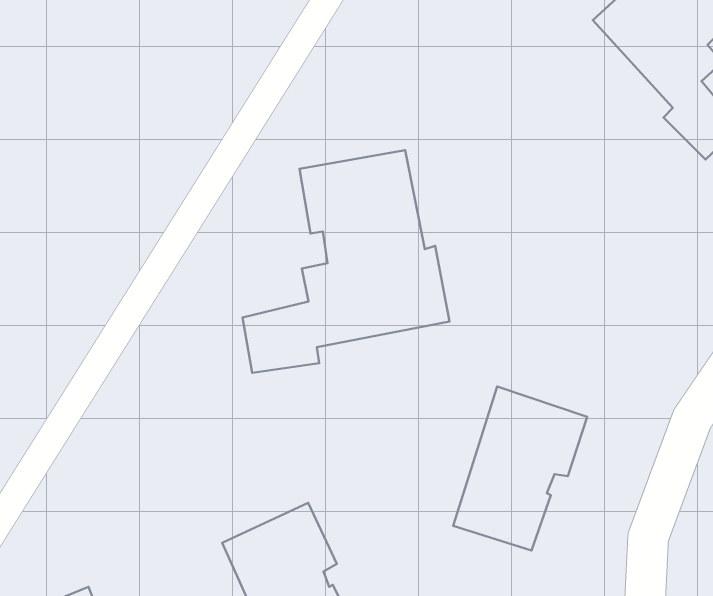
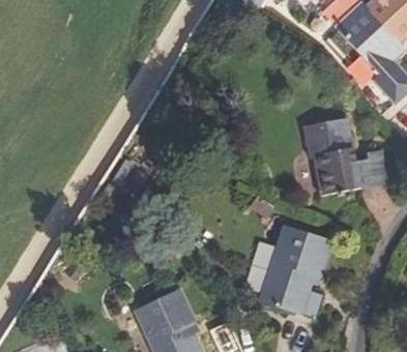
building: [242,150,450,373] -> none
building: none -> [303,118,386,196]

